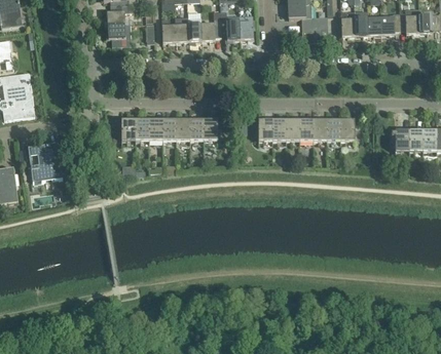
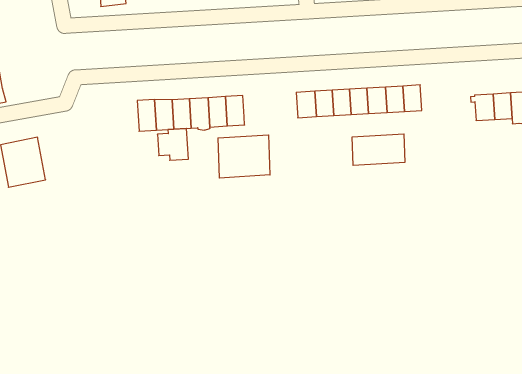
building: [113,120,136,144] -> [157,128,188,160]
building: none -> [218,135,270,178]
building: none -> [352,134,405,165]

